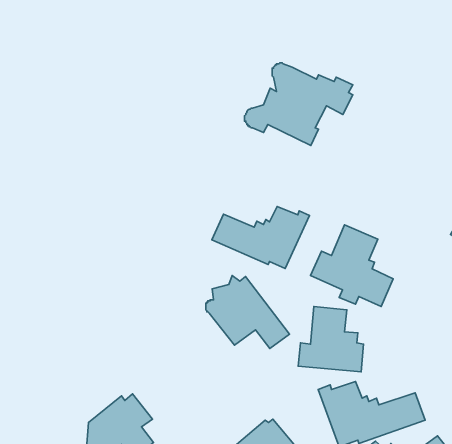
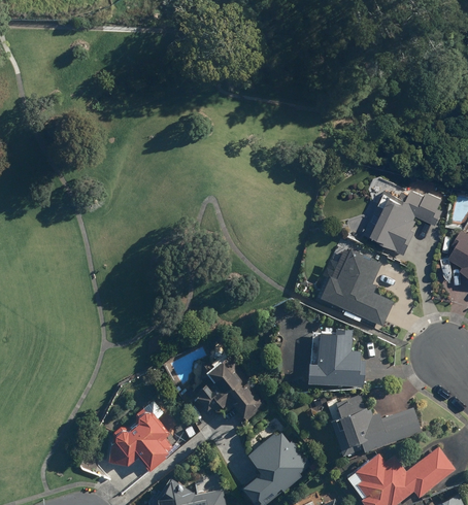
building: [245,63,353,146] -> [344,179,445,257]
building: [212,207,309,269] -> none
building: [206,276,290,348] -> [187,351,265,419]

